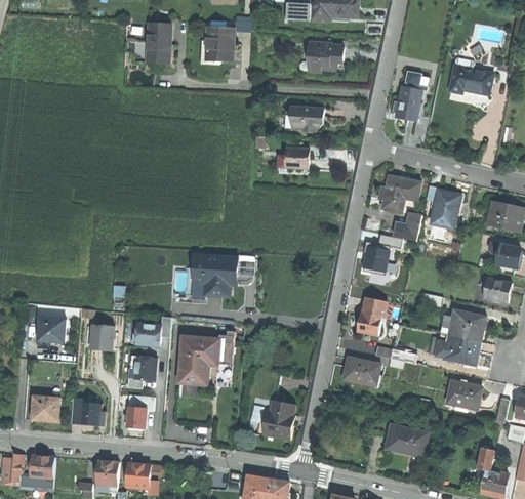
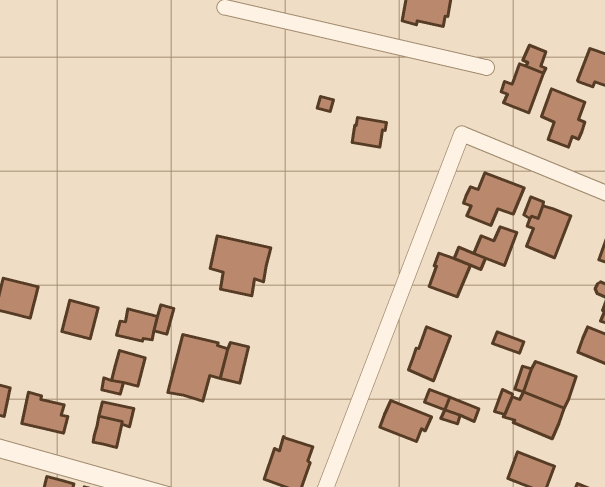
building: none -> [542,89,585,147]
building: [289,106,323,132] -> none

